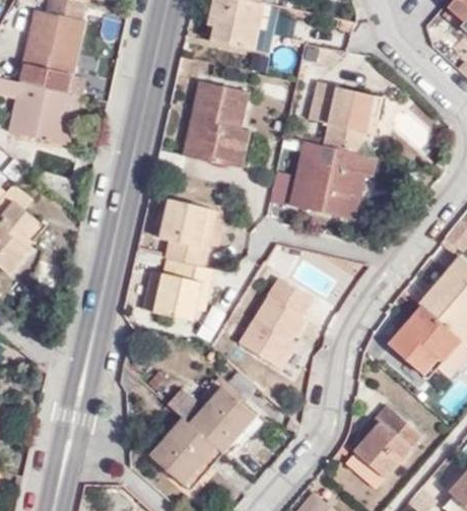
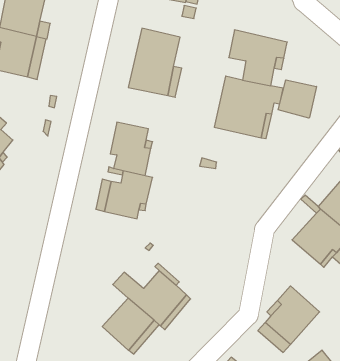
building: none -> [278,80,316,118]
building: [238,277,312,368] -> none

